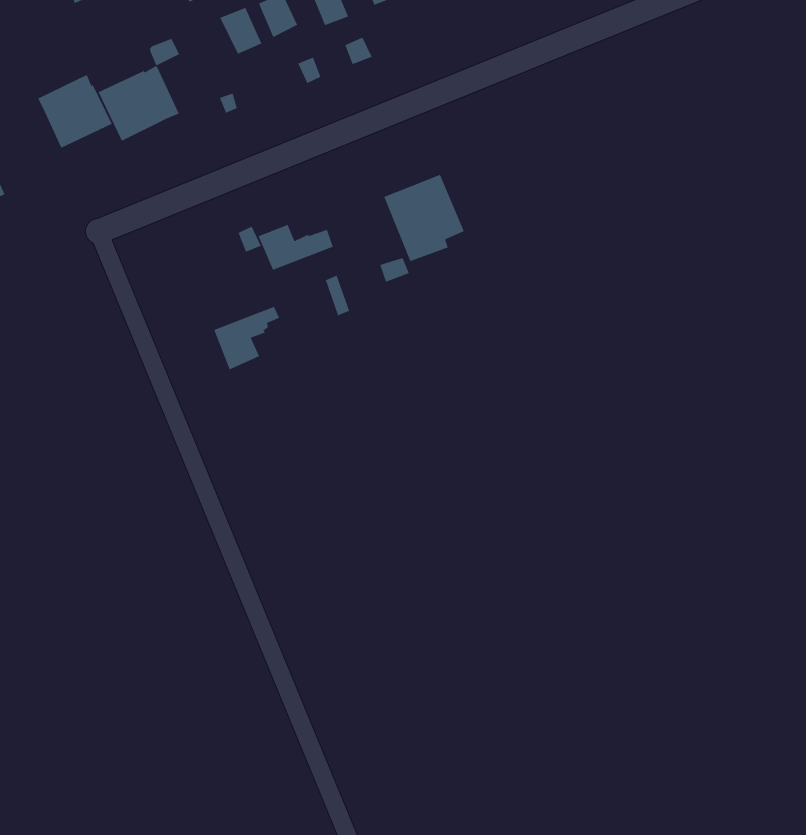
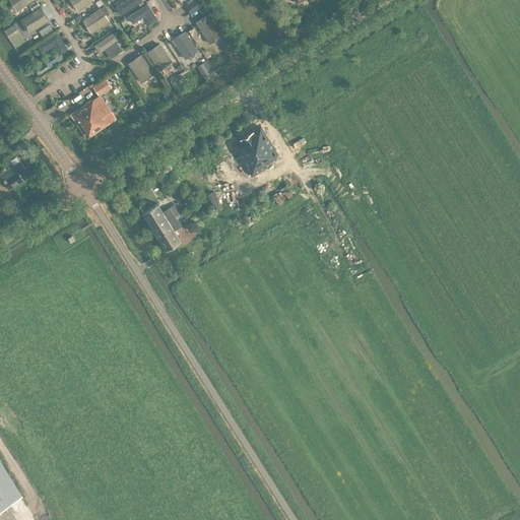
building: [37,74,113,149] -> none
building: [257,224,334,271] -> [142,203,184,231]

